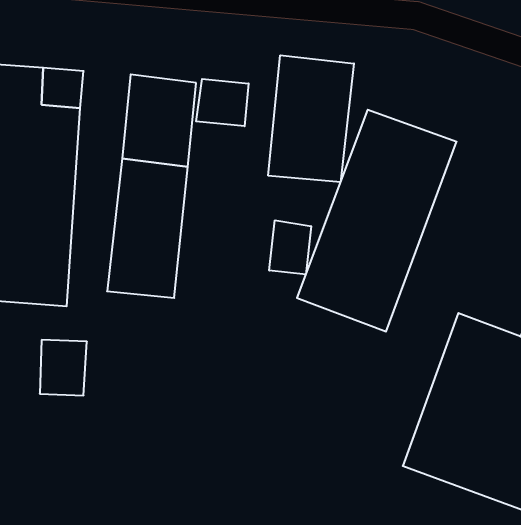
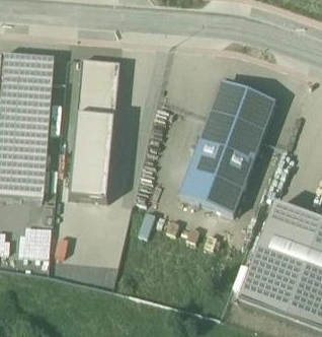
building: [268,55,354,182] -> none
building: [196,79,249,126] -> none
building: [269,220,311,274] -> none

